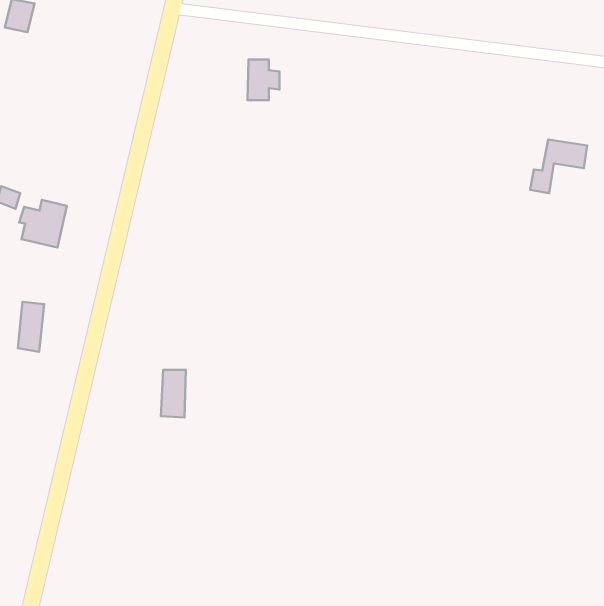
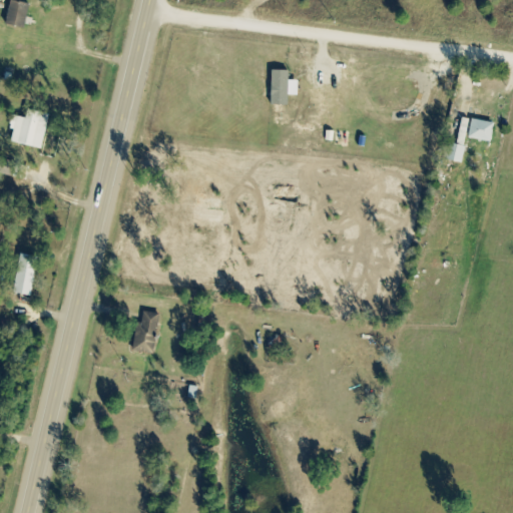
building: [247,60,280,100] -> [271,70,298,104]
building: [19,200,67,248] -> [8,108,48,148]

